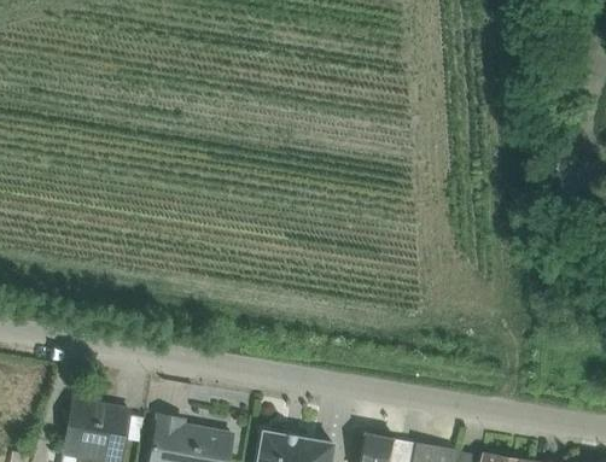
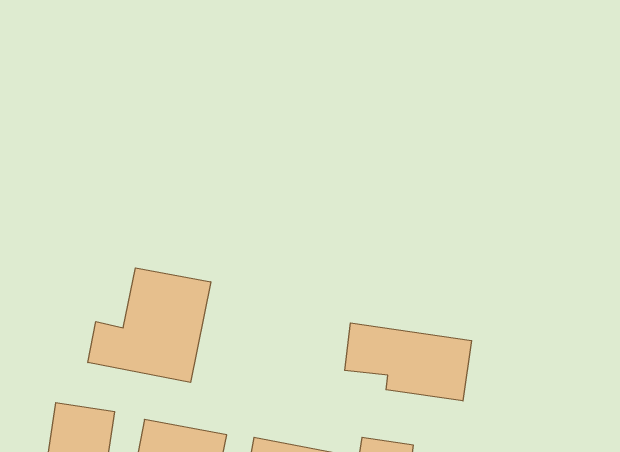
building: none -> [88,268,211,382]
building: none -> [345,323,472,401]

